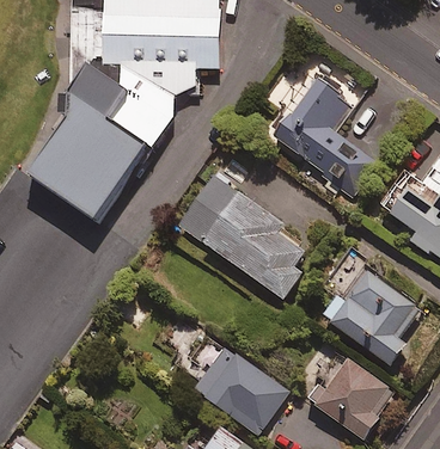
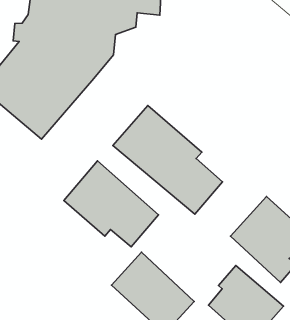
building: [274,78,372,193] -> none
building: none -> [64,161,158,247]

